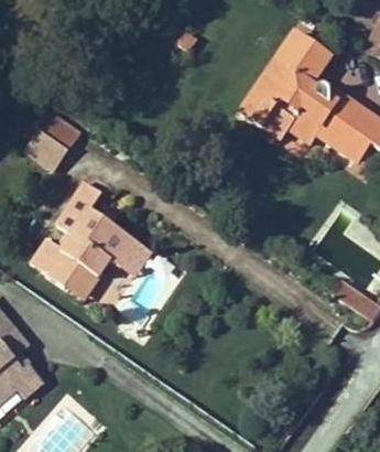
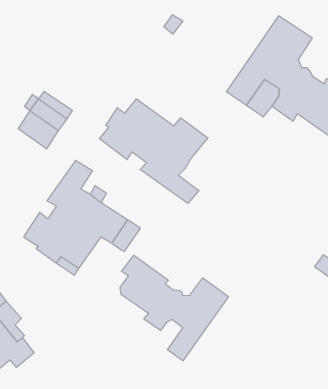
building: none -> [99,99,208,203]
building: none -> [120,255,228,361]

